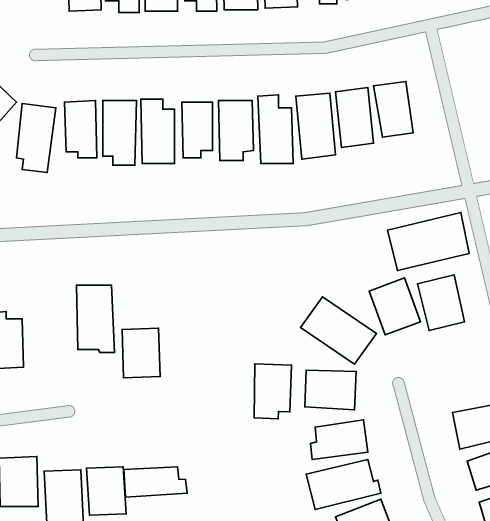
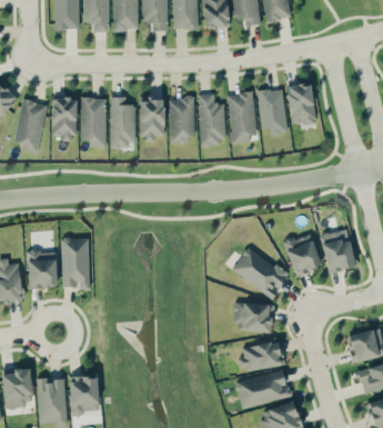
building: [388,213,469,270] -> none
building: [122,328,160,378] -> [28,250,57,288]
building: [254,364,292,419] -> none
building: [124,467,187,497] -> none

